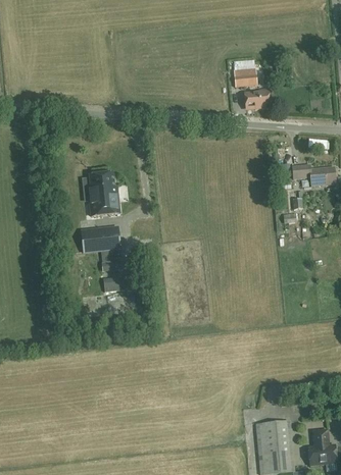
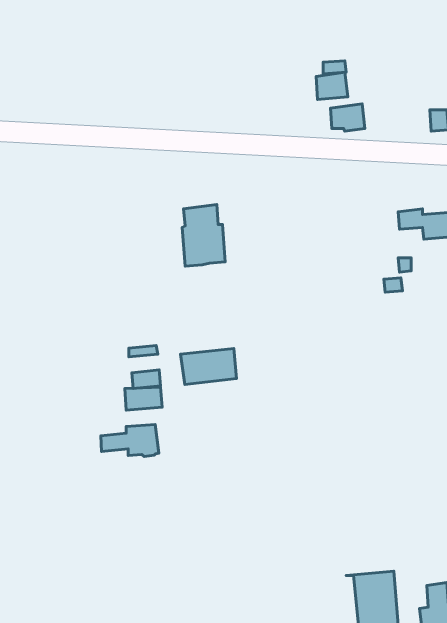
building: [87,171,117,215] -> [182,204,225,266]
building: [79,226,118,252] -> [180,348,237,384]
building: none -> [101,425,159,456]

